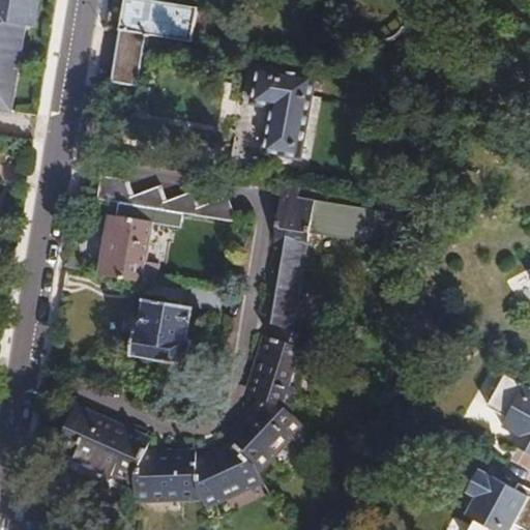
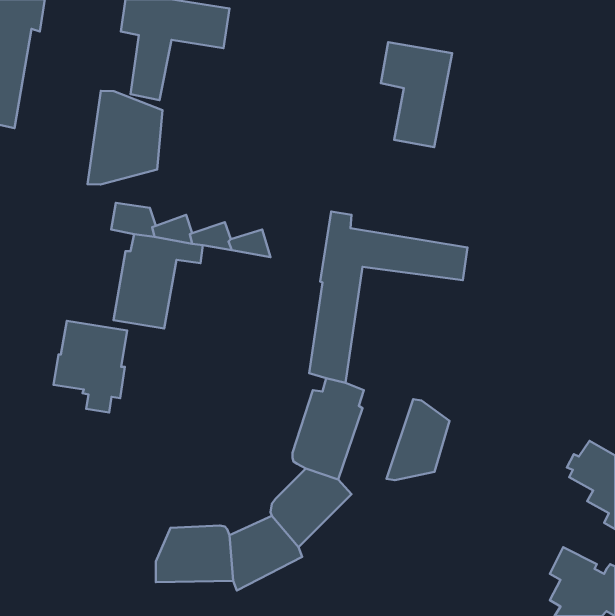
building: [253,70,314,160] -> [381,42,452,147]
building: none -> [87,91,163,185]
building: [126,298,189,377] -> [54,321,127,413]
building: none -> [386,399,450,480]
building: [56,405,148,481] -> none

